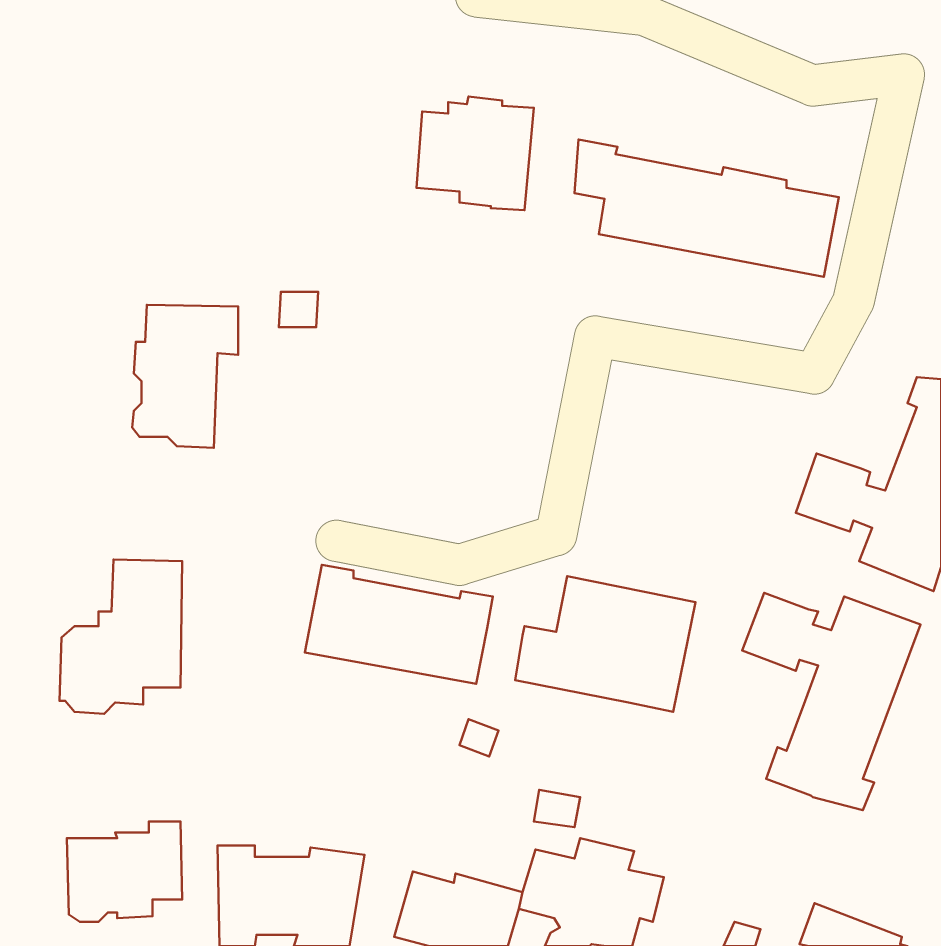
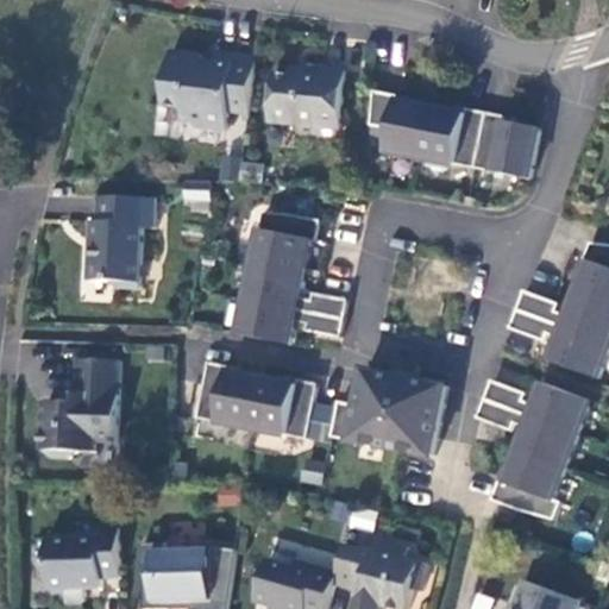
building: none -> [161,50,252,127]
building: none -> [237,211,345,343]

